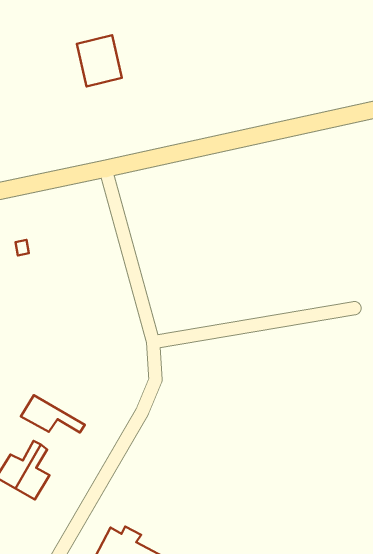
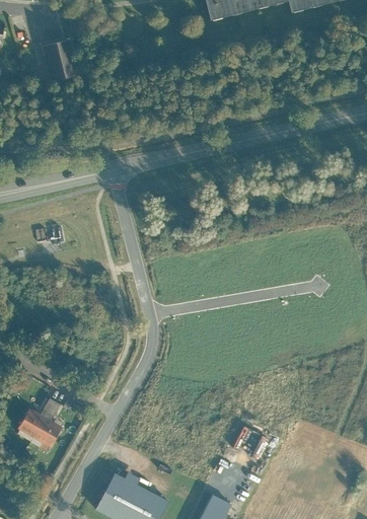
building: [77,35,122,87] -> [41,41,78,83]
building: [21,395,85,433] -> none

